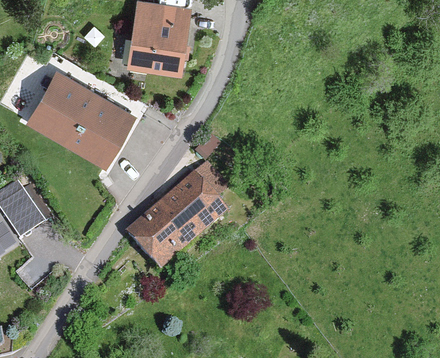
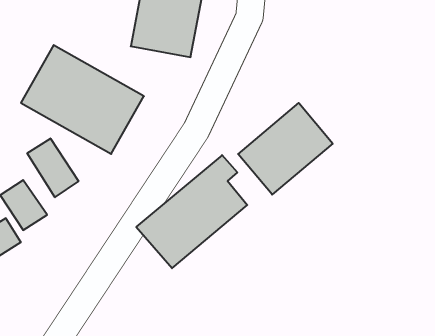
building: none -> [238,103,333,195]
building: none -> [27,138,78,197]

